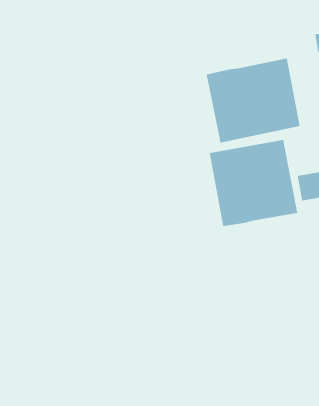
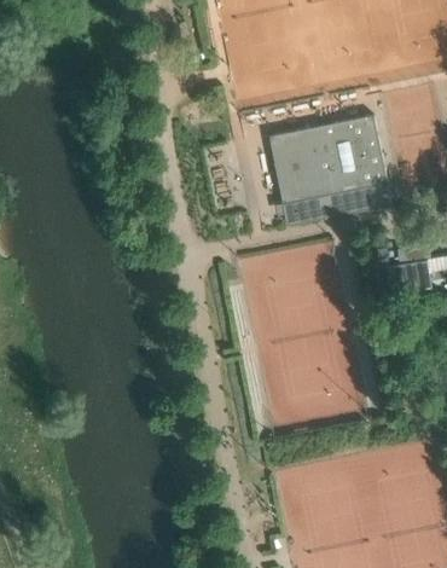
building: [209,139,298,227] -> none

